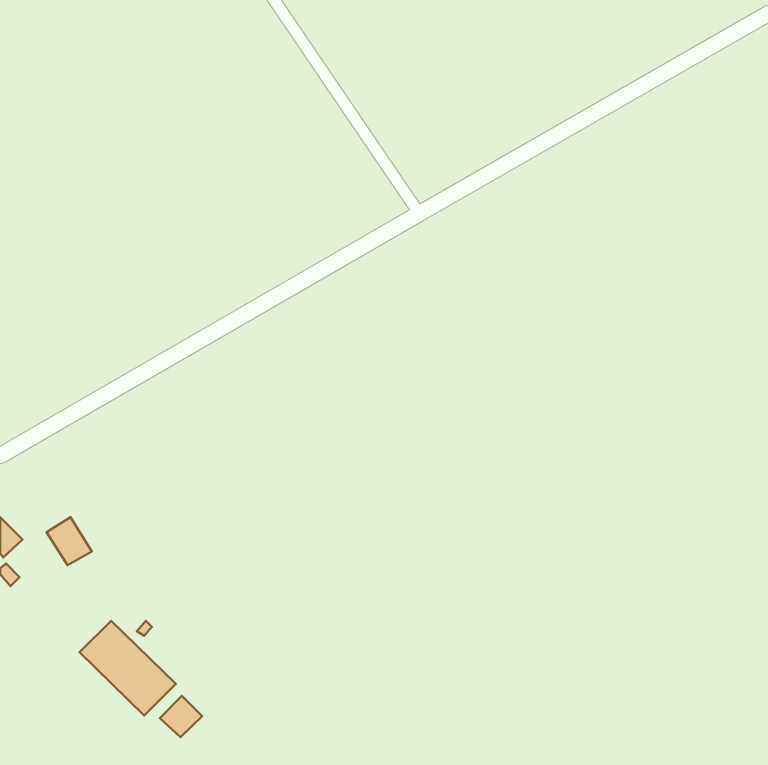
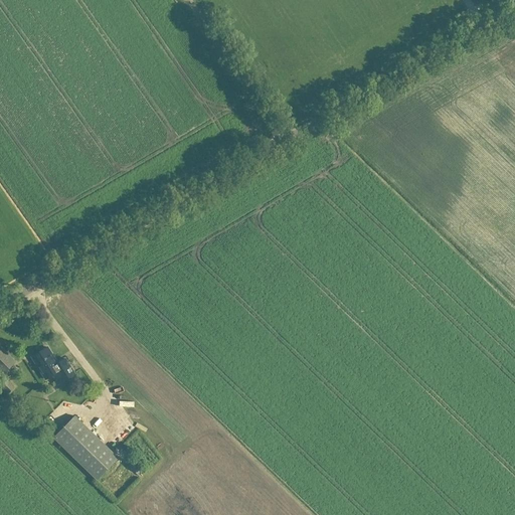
building: [160,696,202,737] -> none

